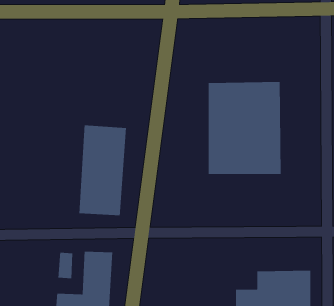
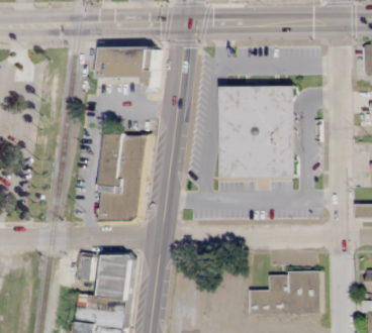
building: none -> [99,47,156,81]

